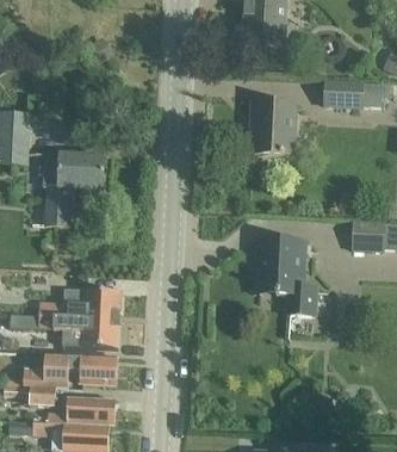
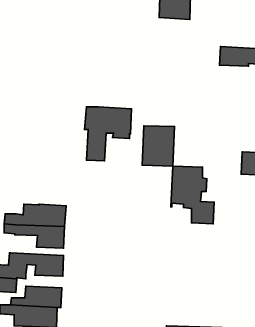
building: [253,100,296,154] -> [142,126,174,166]
building: [43,153,105,224] -> [85,107,131,161]

